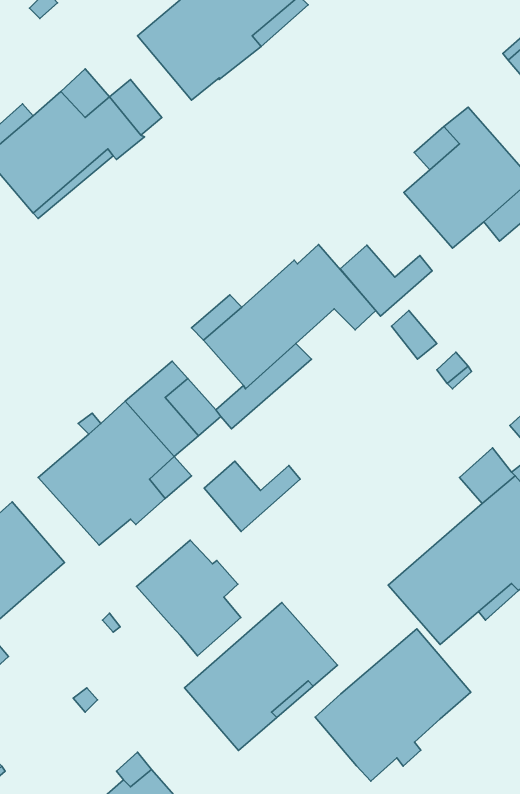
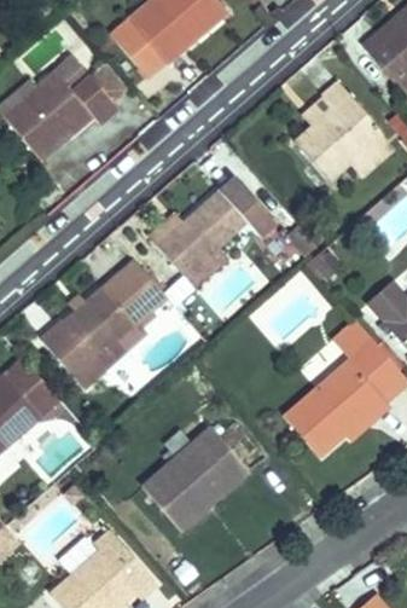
building: [340,245,432,316] -> none
building: [204,461,300,531] -> none
building: [136,540,241,656] -> none
building: [315,629,471,781] -> none

